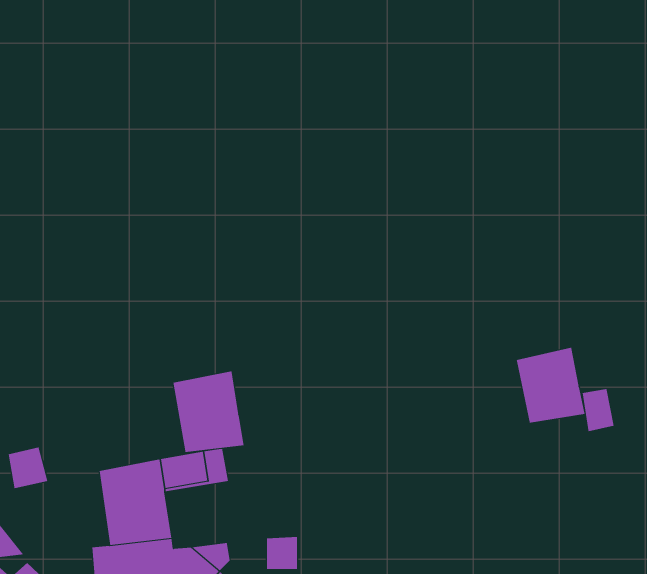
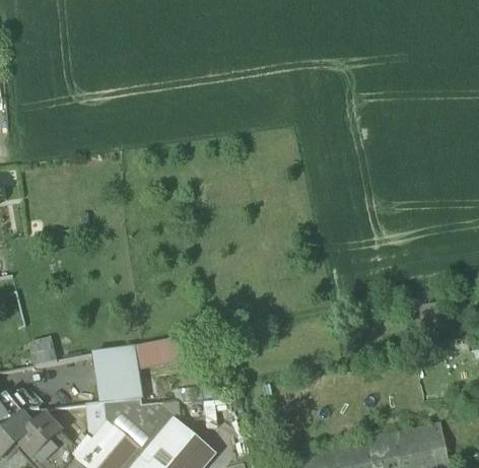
building: [516,347,585,423] -> none
building: [173,370,244,453] -> none

